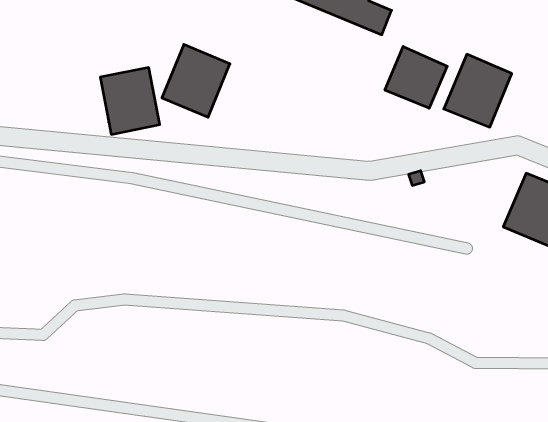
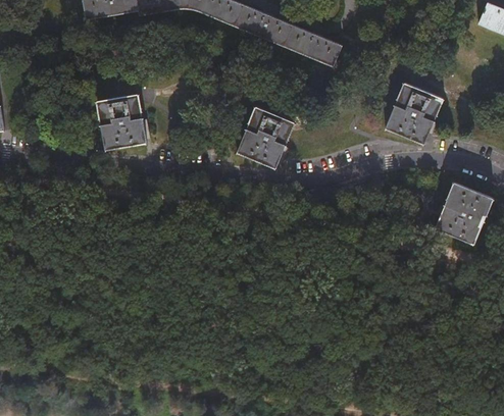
building: [162,44,230,117] -> [237,106,294,167]
building: [385,46,447,108] -> none

